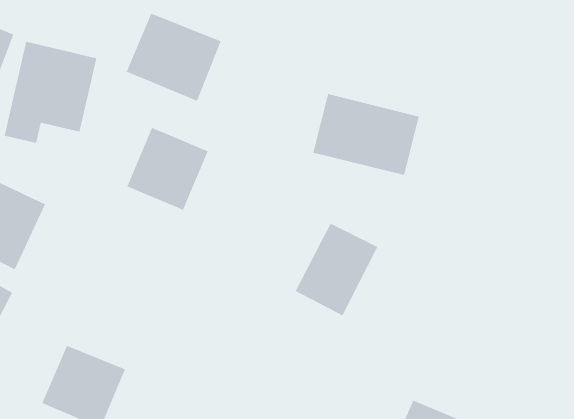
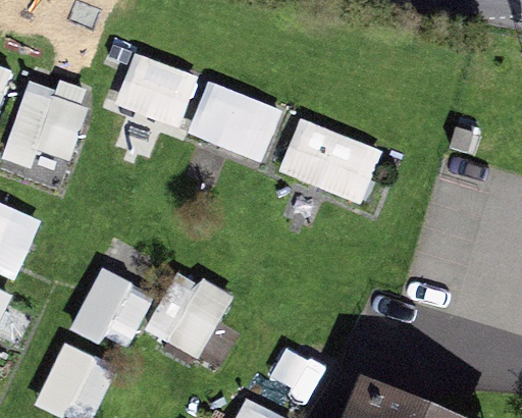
building: [127,127,209,210] -> [185,81,258,155]
building: [295,223,378,316] -> [156,274,230,358]
building: none -> [71,270,153,352]

